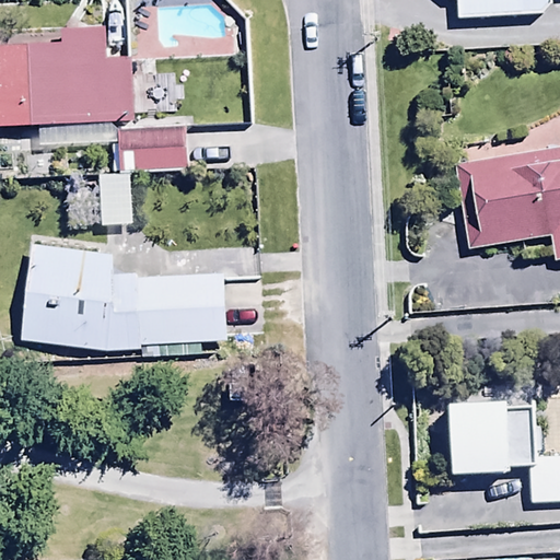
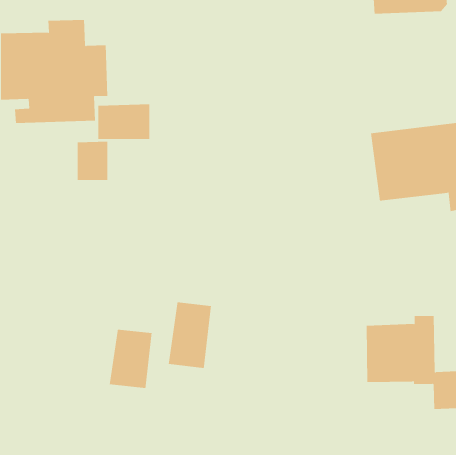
building: [20,242,225,349] -> none
building: none -> [168,302,211,369]
building: none -> [109,329,152,389]

